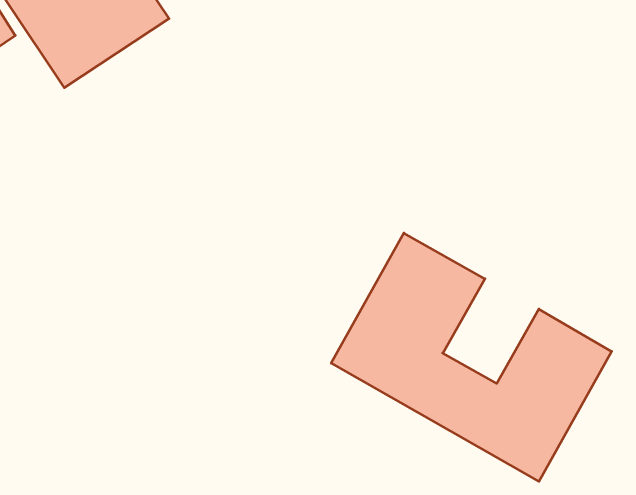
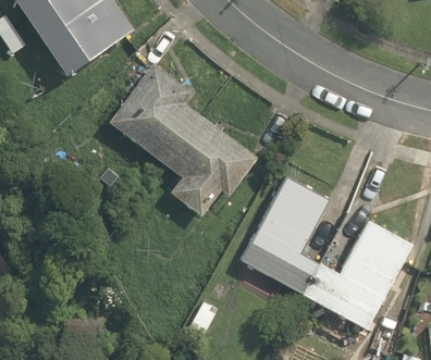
building: none -> [104,58,254,220]

